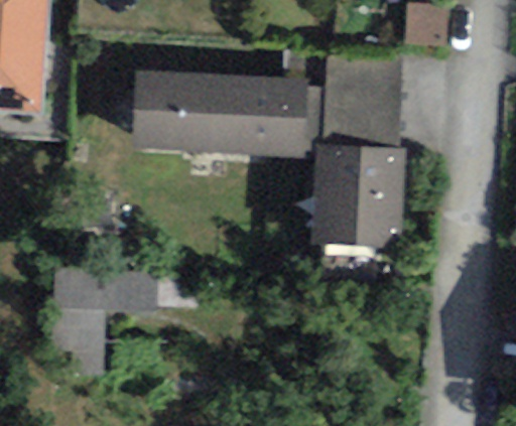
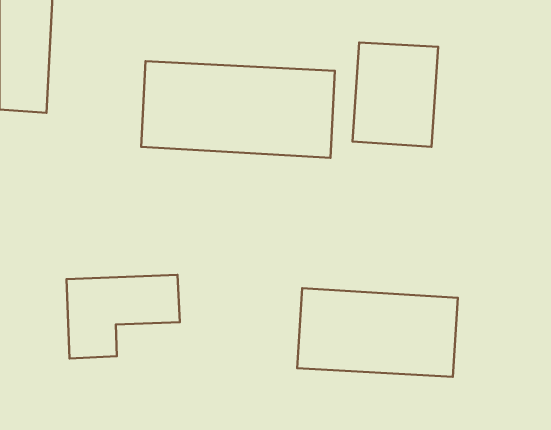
building: [311,144,403,248] -> none
building: none -> [297,288,458,377]

